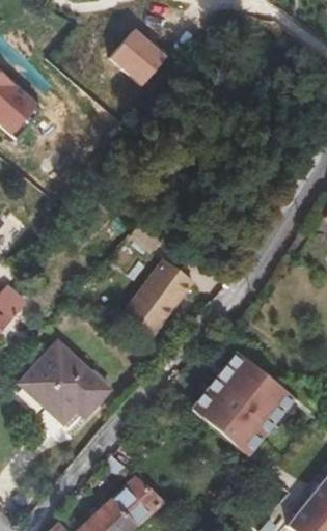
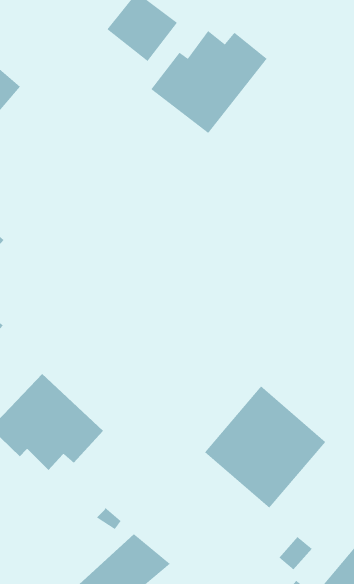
building: none -> [150,30,268,134]
building: [121,261,192,337] -> none

